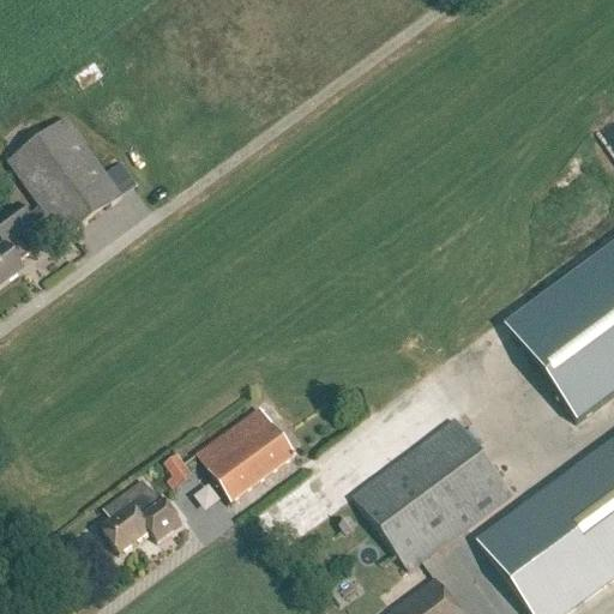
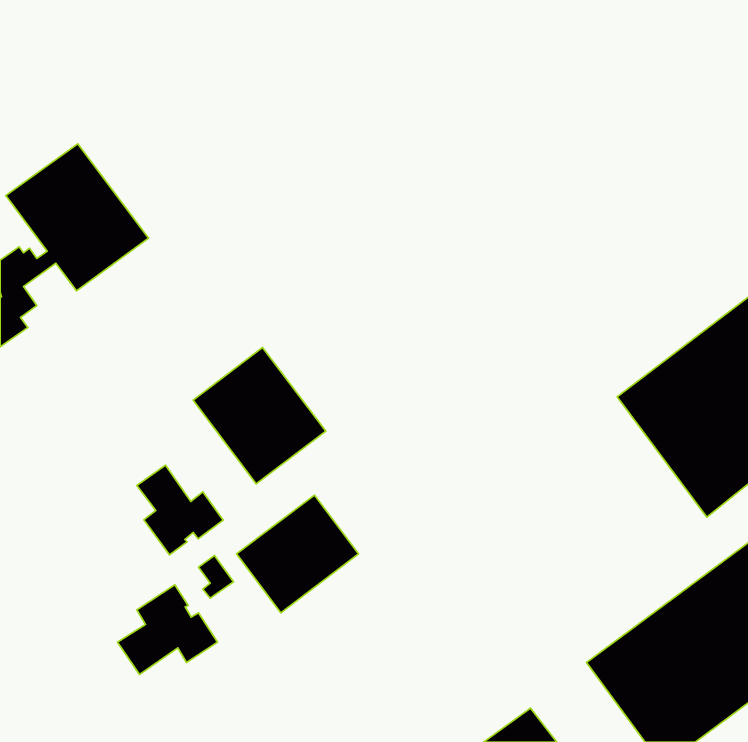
building: none -> [193,347,326,484]
building: none -> [137,465,223,555]
building: [351,414,513,568] -> none

